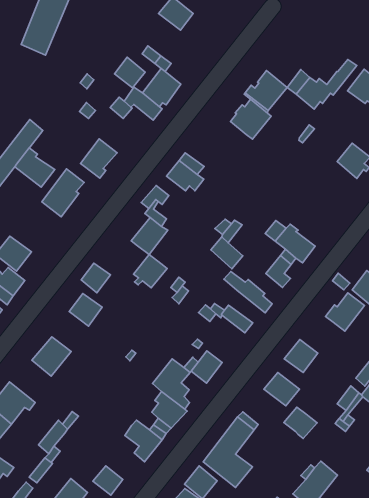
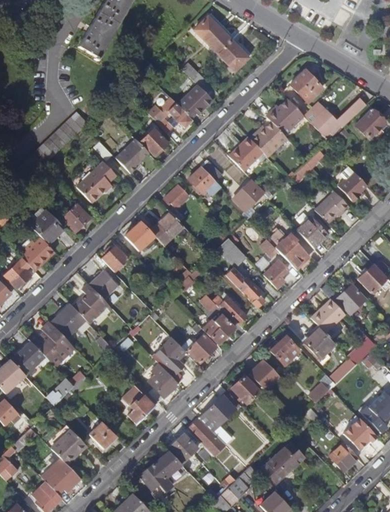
building: none -> [218,40,248,70]
building: none -> [291,70,323,102]
building: [114,57,145,88] -> [141,128,168,155]
building: none -> [229,136,263,170]
building: [15,148,55,187] -> none
building: none -> [234,178,265,209]
building: none -> [315,190,350,224]
building: none -> [298,217,327,247]
building: none -> [63,204,90,231]
building: [133,255,167,288] -> [126,221,156,250]
building: none -> [73,283,110,323]
building: none -> [302,324,335,358]
building: none -> [203,314,235,344]
building: none -> [28,320,70,360]
building: [284,407,317,438] -> [231,375,260,403]

